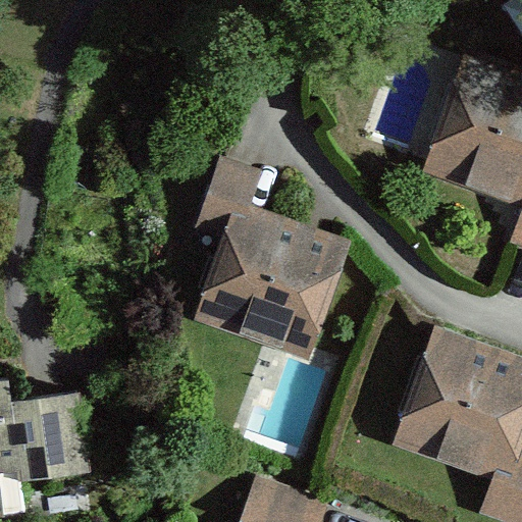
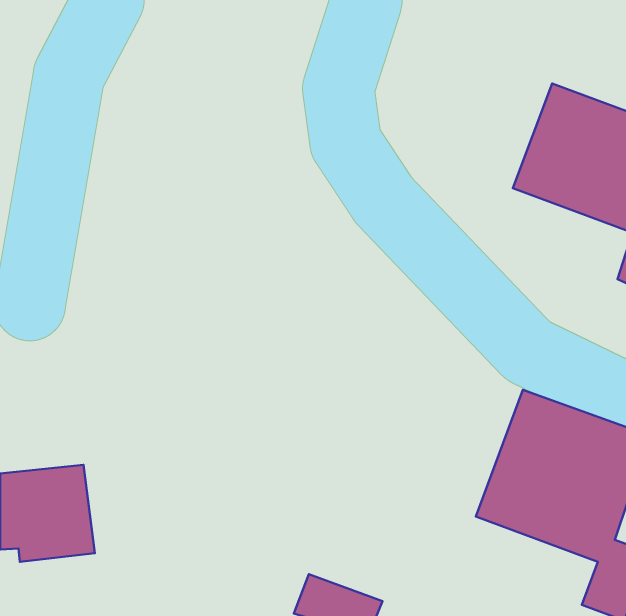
building: [192,164,338,350] -> none

